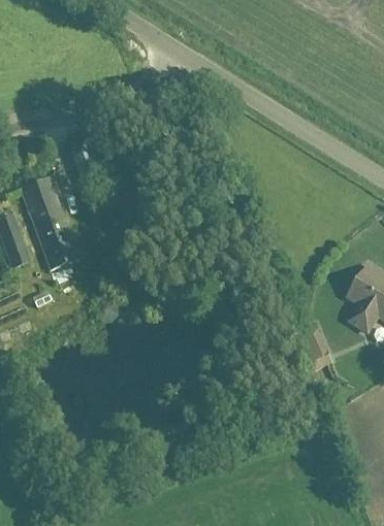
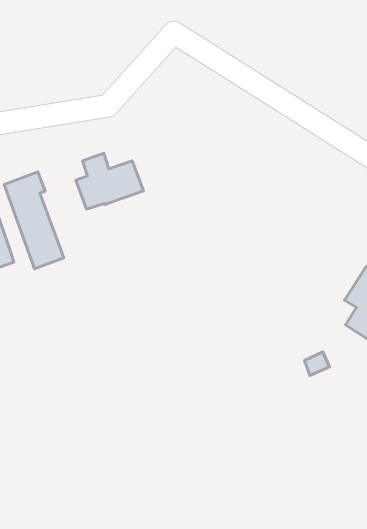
building: none -> [76,153,143,209]

